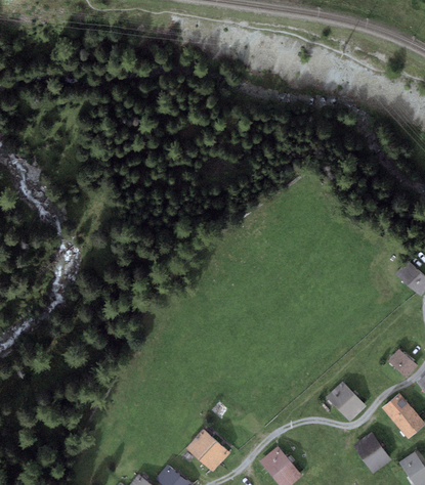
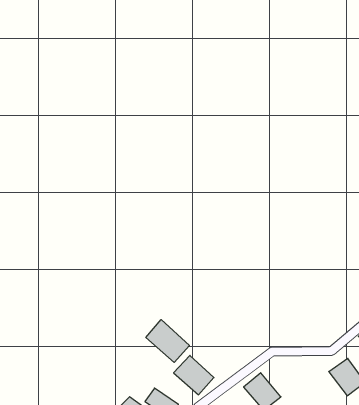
building: [327,383,365,421] -> none
building: none -> [146,320,189,362]

